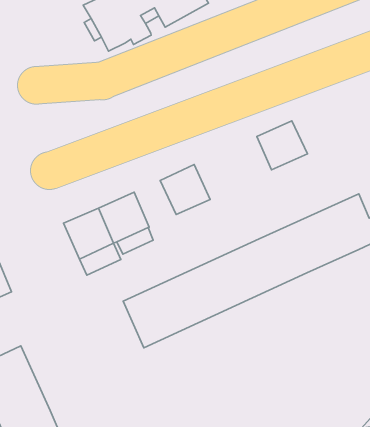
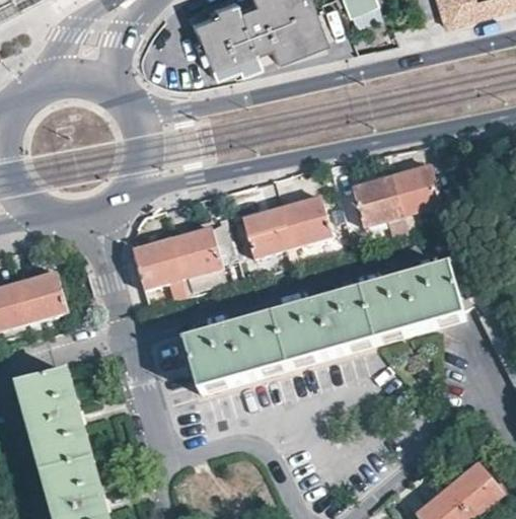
building: none -> [390,164,440,213]
building: none -> [280,194,331,245]

